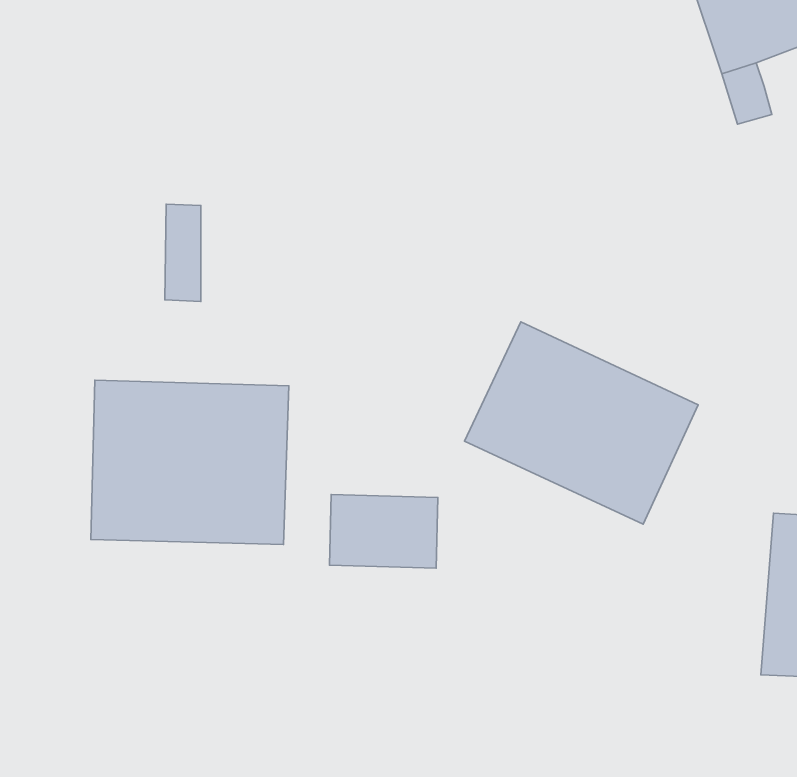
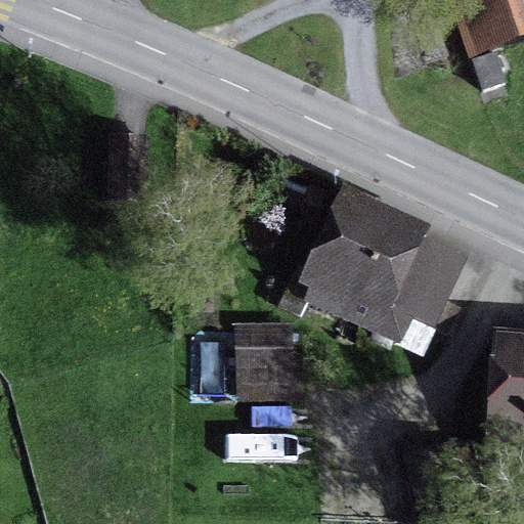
building: [91,380,289,544] -> none

